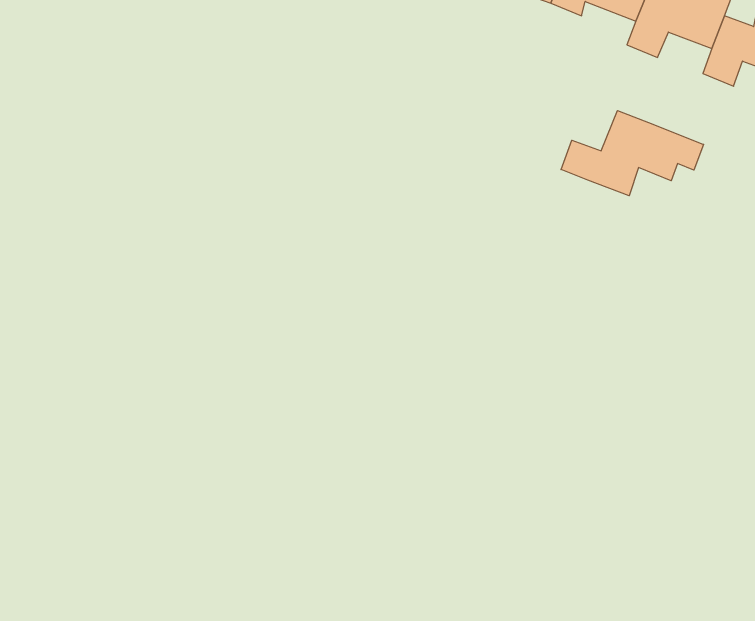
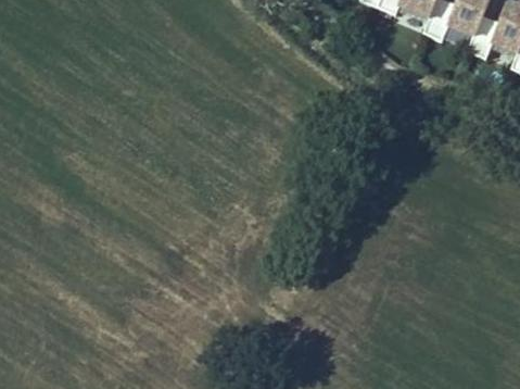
building: [561,111,704,196] -> none

